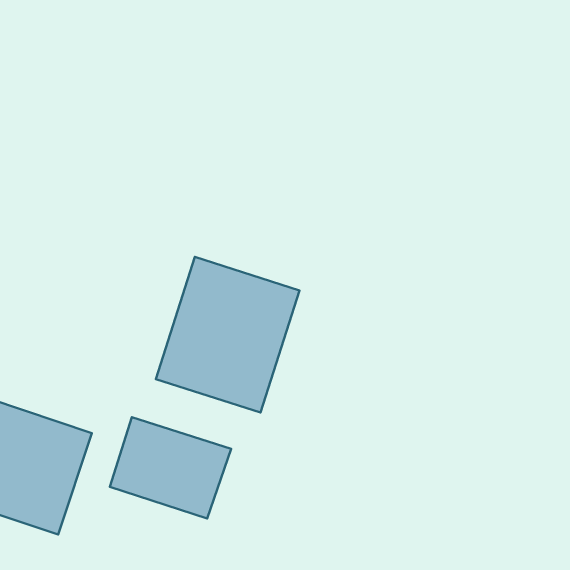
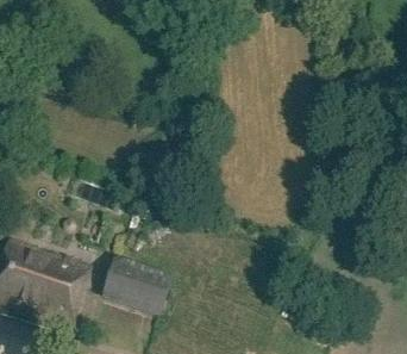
building: [156,257,299,413] -> none

